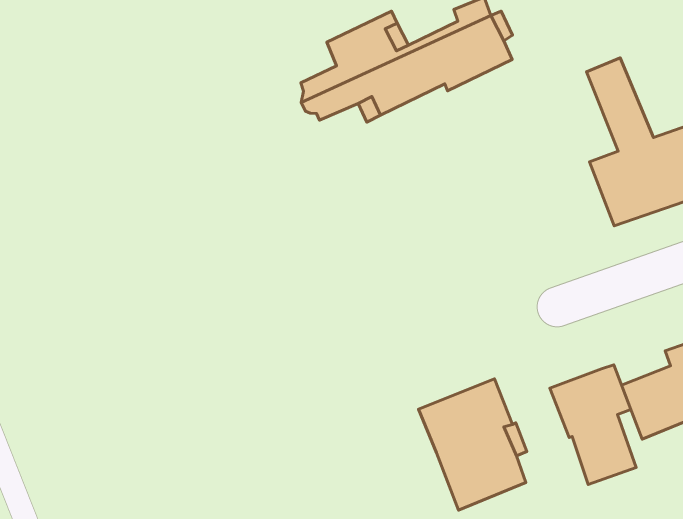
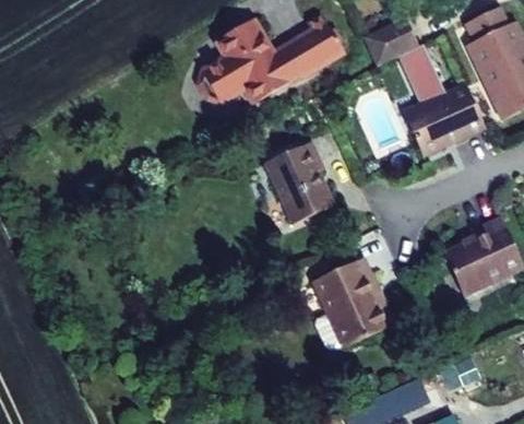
building: none -> [369,12,425,61]
building: none -> [264,141,334,223]
building: [550,365,636,485] -> none

